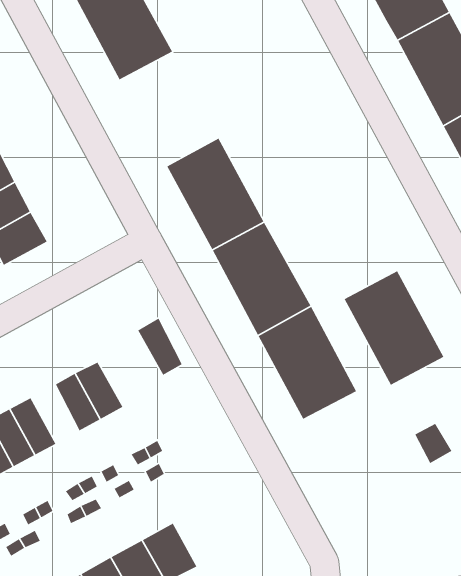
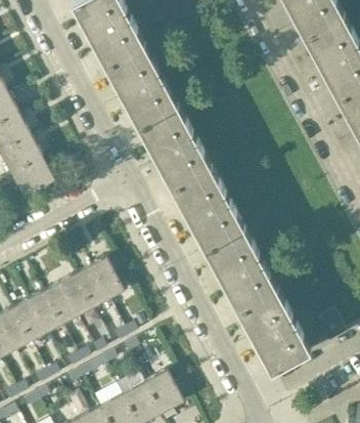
building: none -> [104,44,176,126]
building: [343,270,445,386] -> [236,288,309,371]
building: [137,317,183,376] -> [89,257,122,299]
building: none -> [41,283,76,326]
building: none -> [143,371,182,414]

